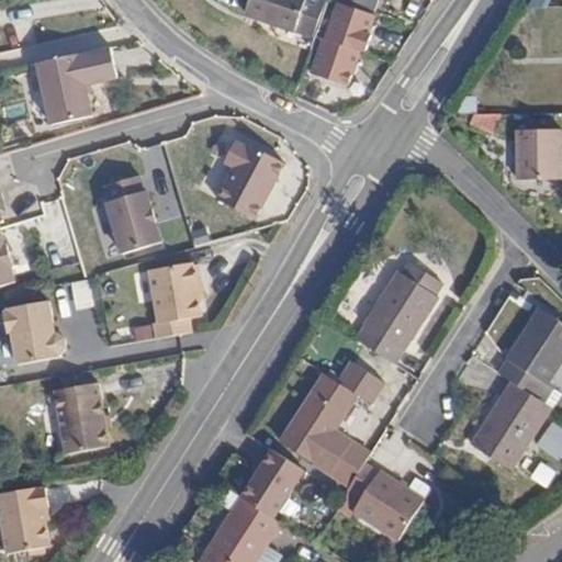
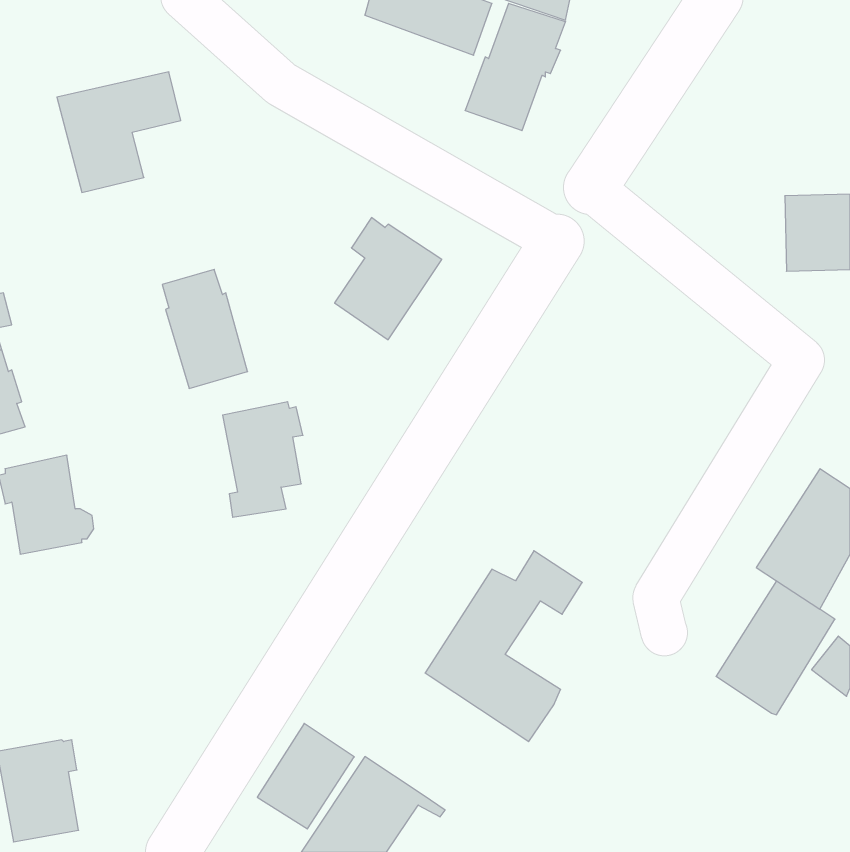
building: [355,262,440,364] -> none
building: [53,382,106,453] -> none
building: [239,448,303,517] -> [257,723,354,829]
building: [346,462,422,539] -> none

